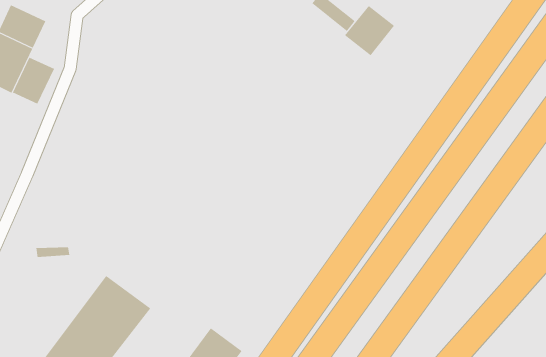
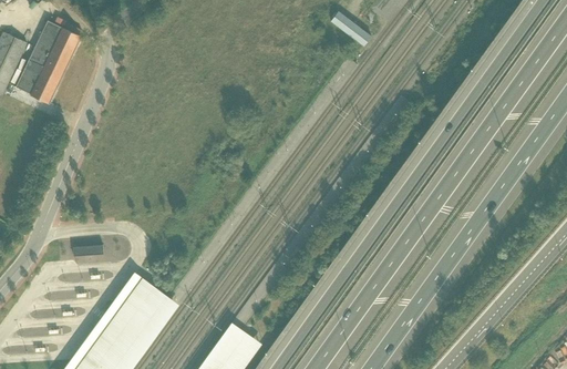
building: [344,5,395,56] -> none
building: [12,57,55,105] -> none

